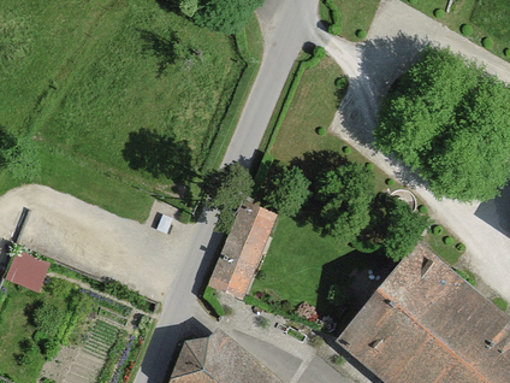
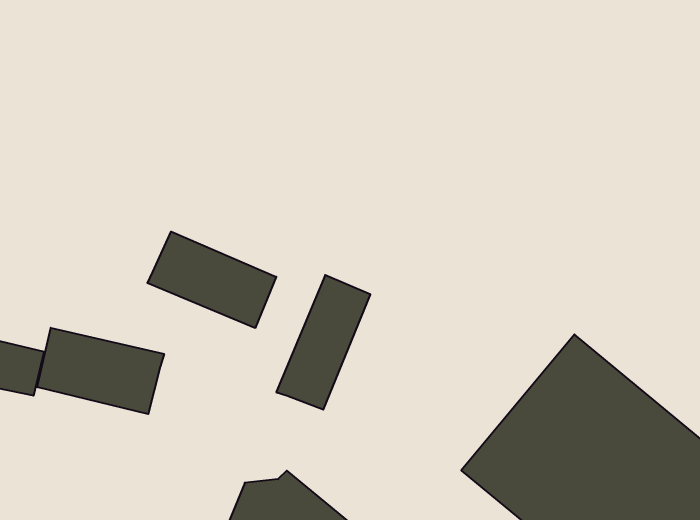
building: none -> [147,232,276,328]
building: none -> [37,328,164,414]

